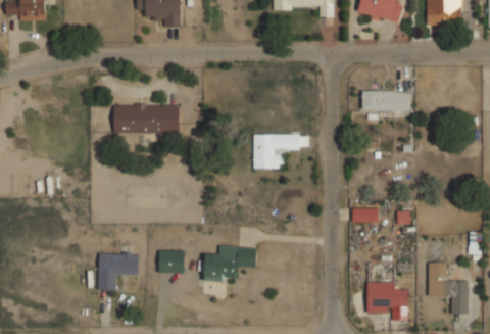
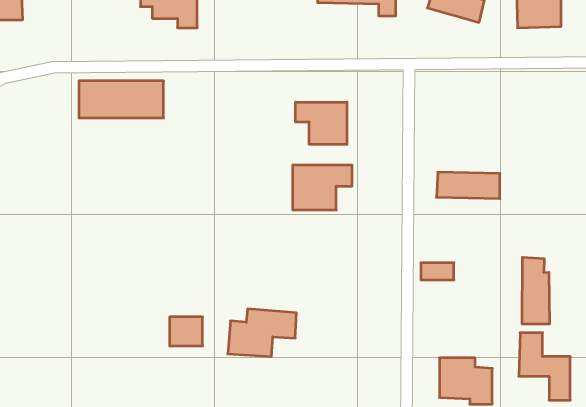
building: none -> [296,102,347,144]
building: [361,91,410,111] -> [436,172,500,199]
building: [113,104,179,133] -> [79,81,164,118]
building: none -> [522,257,549,324]
building: [98,245,138,290] -> none

